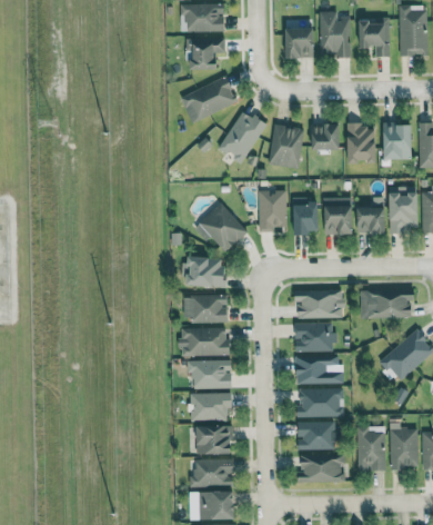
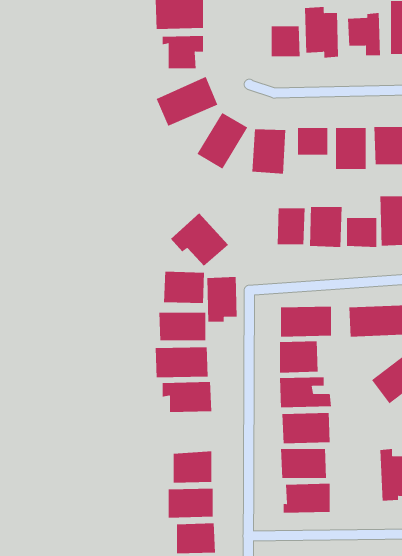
building: [258,189,286,231] -> [206,277,238,322]
building: [189,393,232,420] -> none
building: [355,426,385,472] -> none

